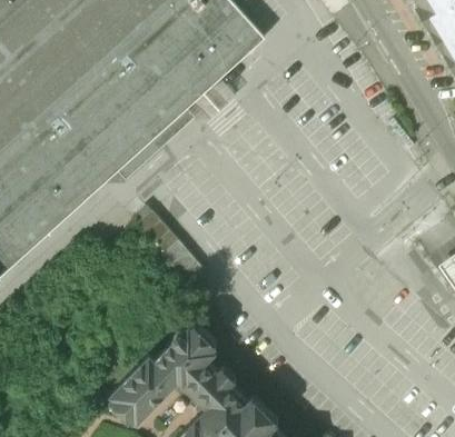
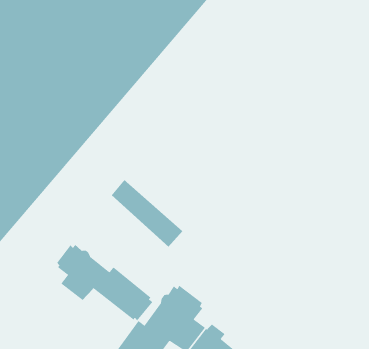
building: none -> [56,244,153,321]

